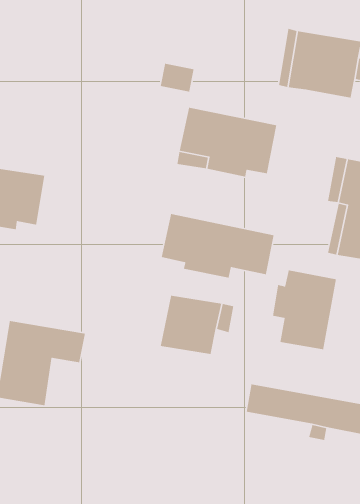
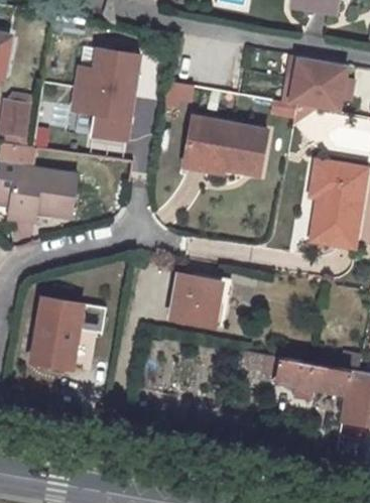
building: none -> [73,46,149,143]
building: [161,213,274,279] -> none
building: [272,270,337,350] -> none

